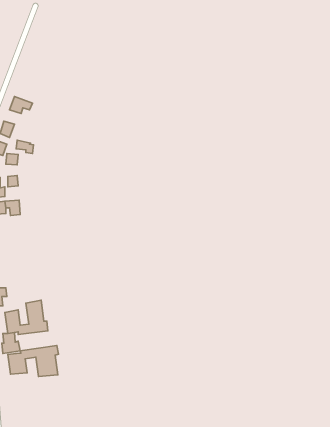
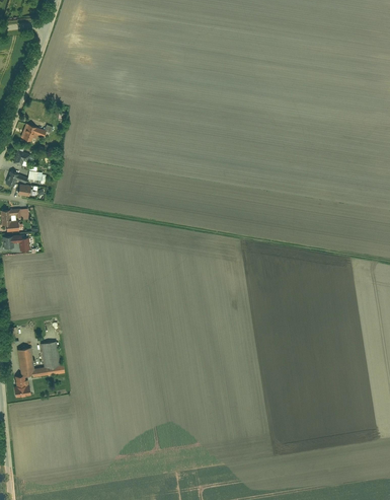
building: [8,346,59,377] -> none

